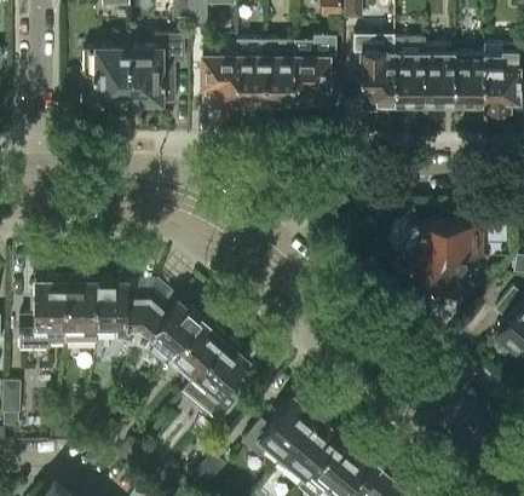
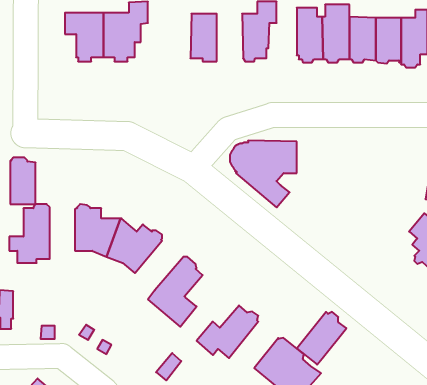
building: [265,40,296,105] -> none
building: [203,48,235,105] -> none
building: [401,221,480,301] -> [230,141,297,207]
building: [65,276,96,331] -> [10,158,36,204]
building: [167,319,225,379] -> none
building: [280,416,339,479] -> [297,312,346,365]

